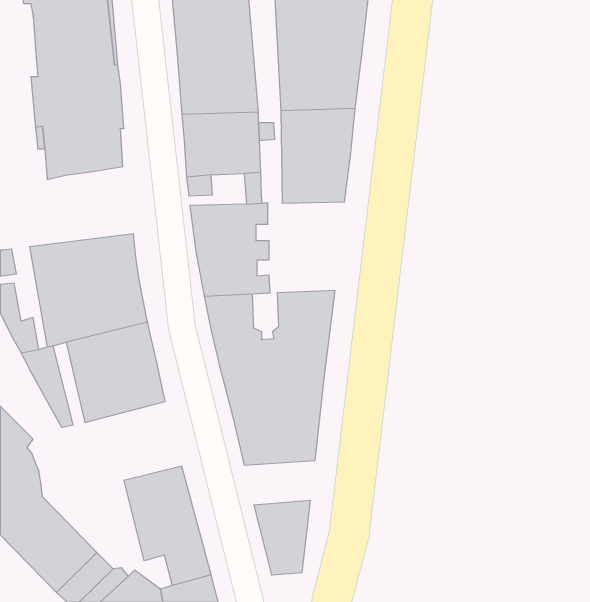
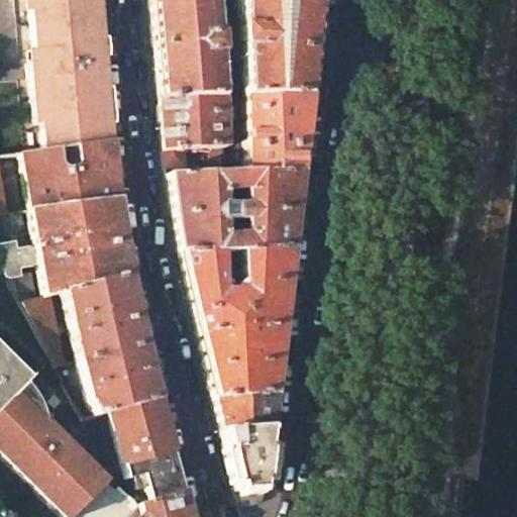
building: none -> [27,141,125,211]
building: none -> [240,173,306,250]
building: none -> [84,343,167,416]
building: none -> [220,394,281,432]

